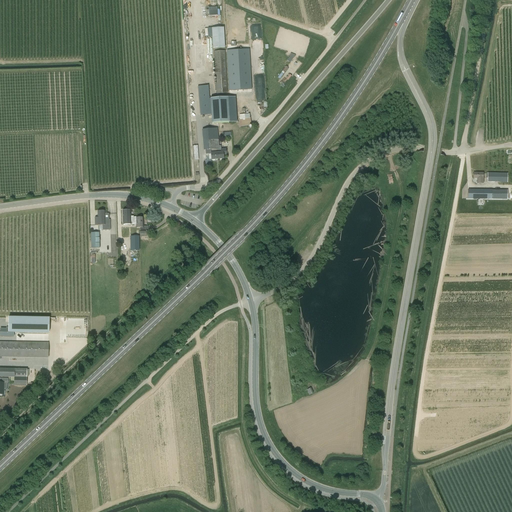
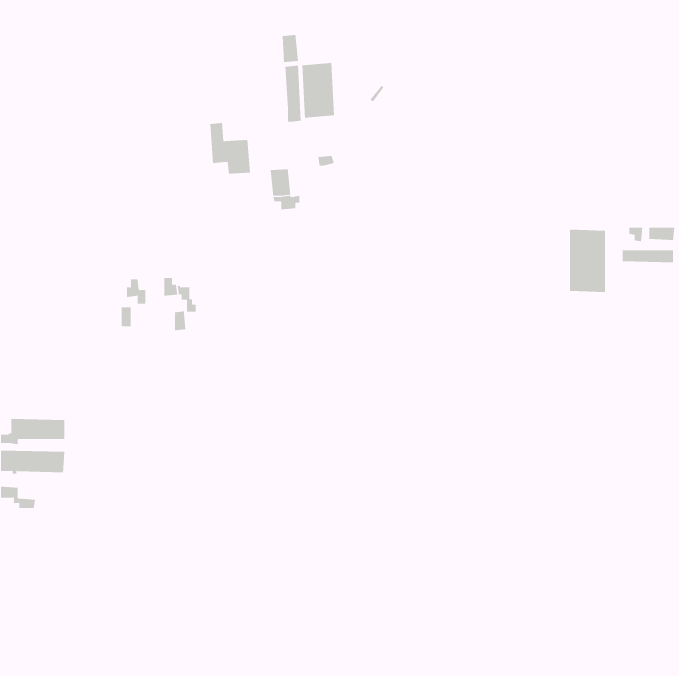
building: [198,83,229,122] -> [210,122,251,174]
building: none -> [570,229,605,293]

